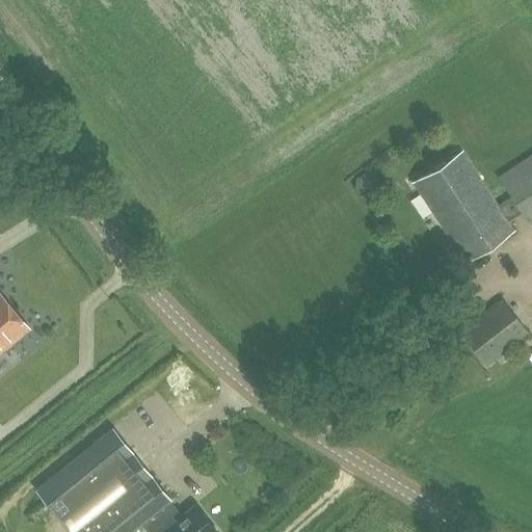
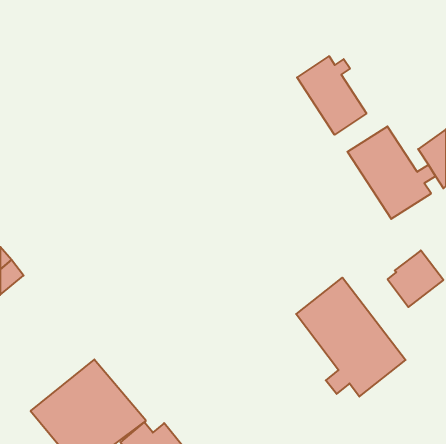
building: none -> [297,56,366,135]
building: none -> [296,278,406,397]

